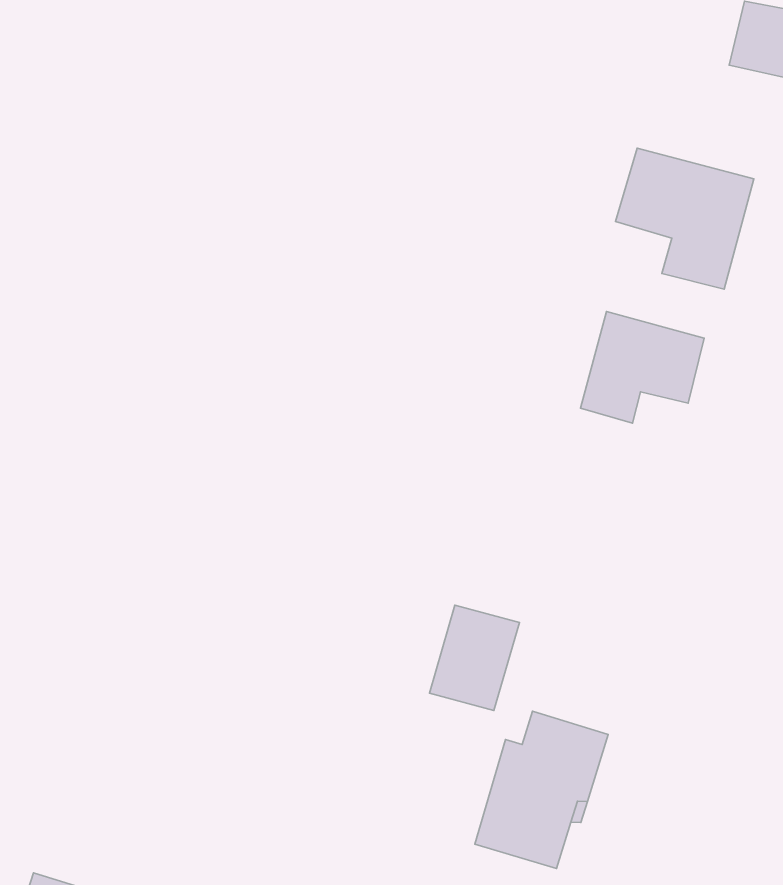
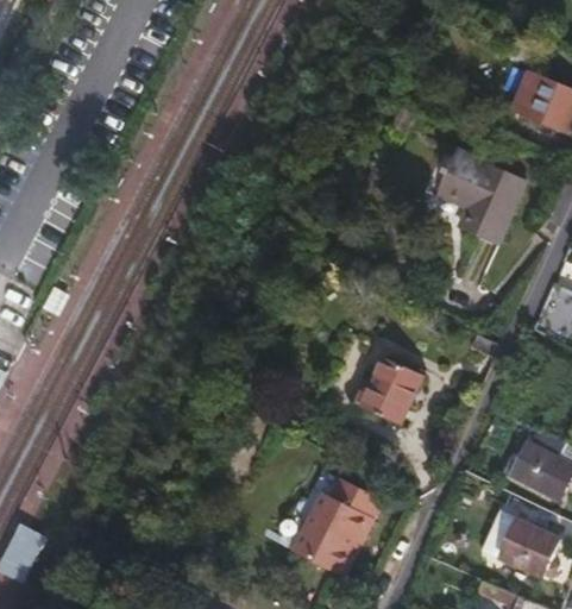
building: [581,311,704,423] -> none
building: [429,605,519,710] -> [359,357,420,423]

